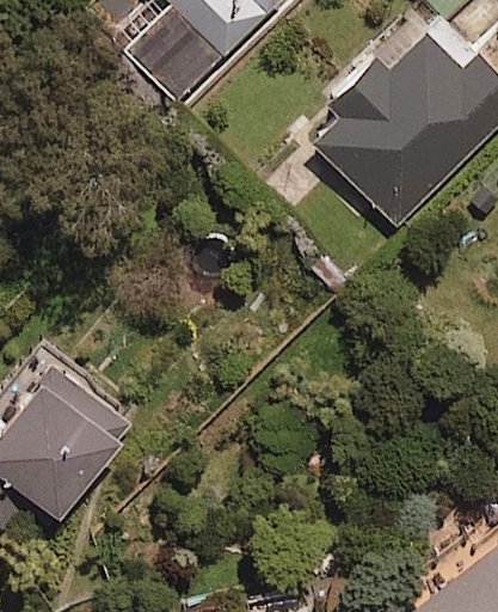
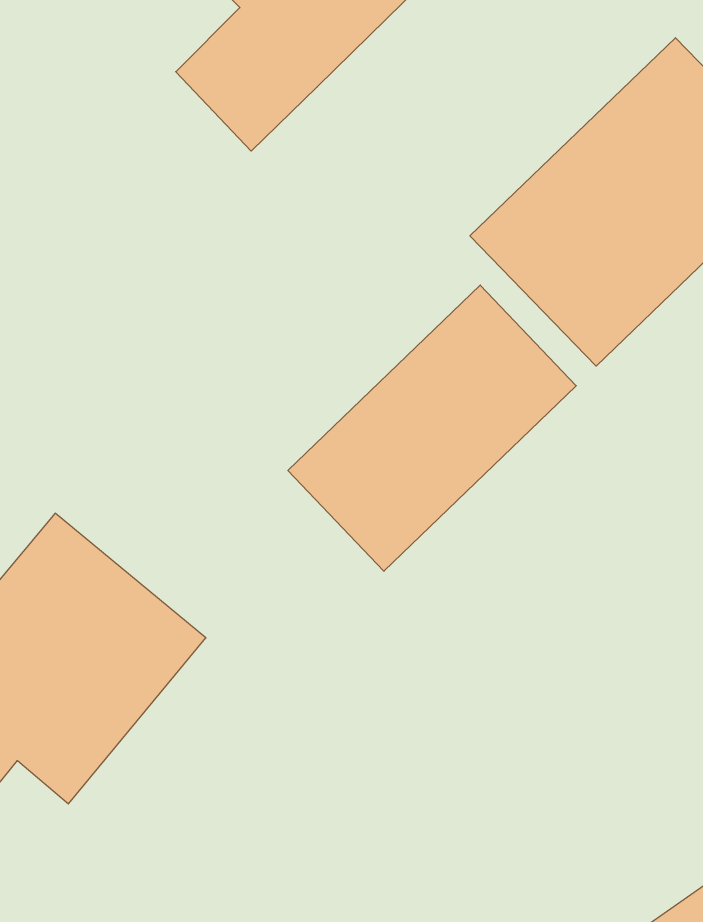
building: none -> [288,285,576,571]

